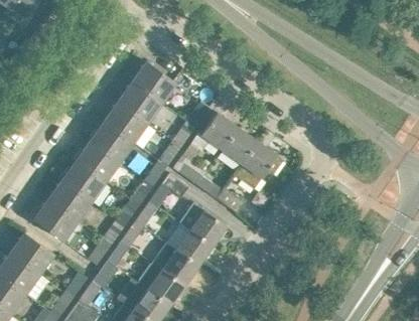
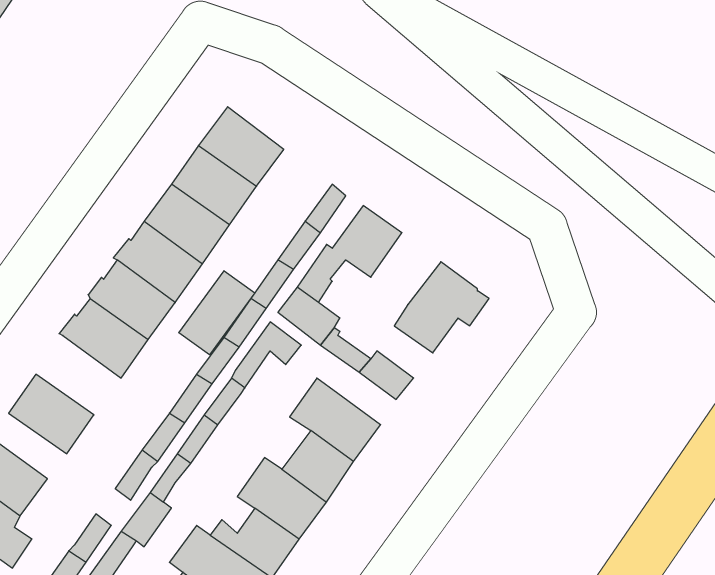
building: [222,127,258,164] -> none
building: none -> [179,271,255,355]
building: [47,180,92,221] -> none

